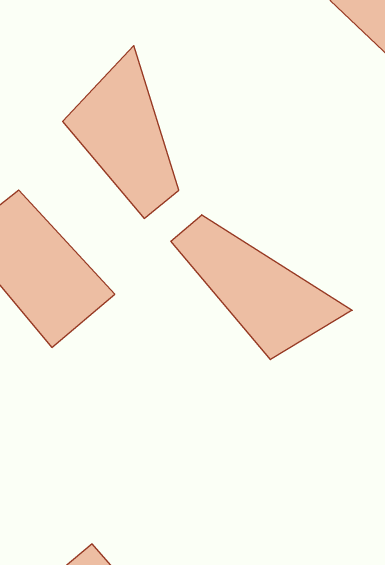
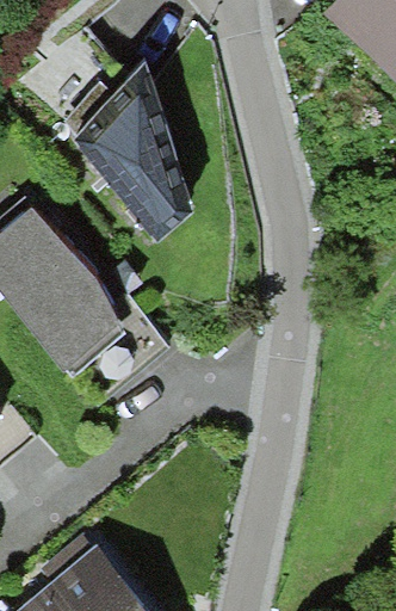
building: [171,215,352,360] -> none

